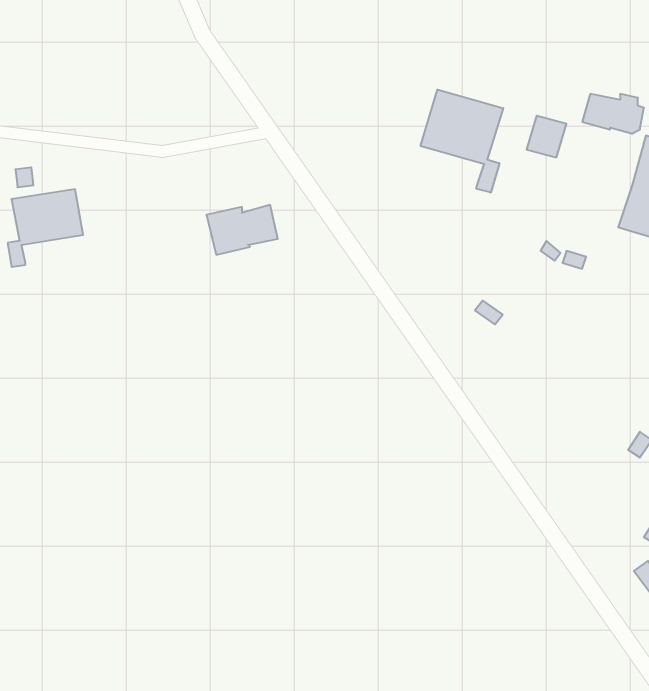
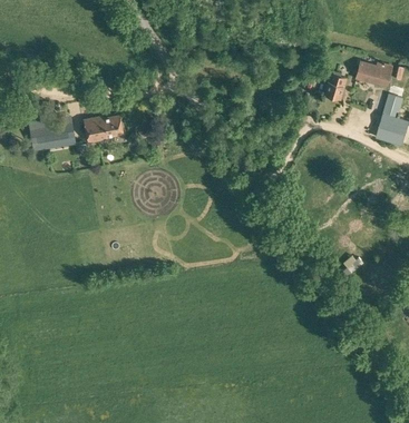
building: [421,90,503,193] -> none
building: [206,205,278,255] -> [84,116,124,144]

